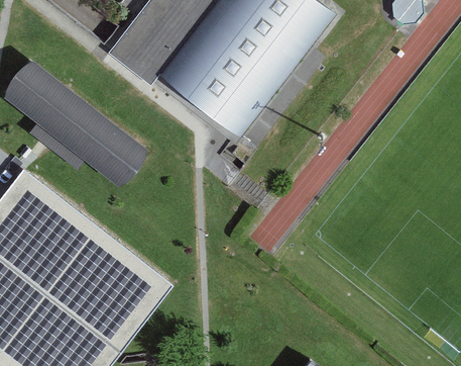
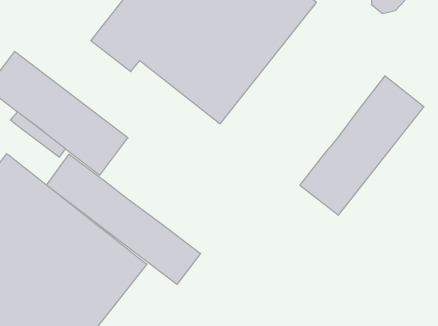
building: none -> [300,76,424,215]
building: none -> [46,154,201,284]

